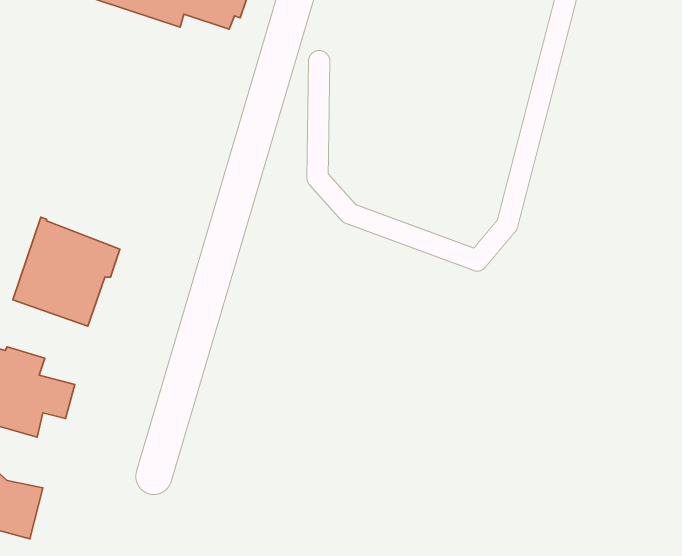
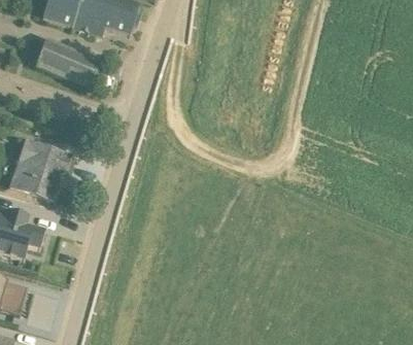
building: none -> [27,37,100,85]

